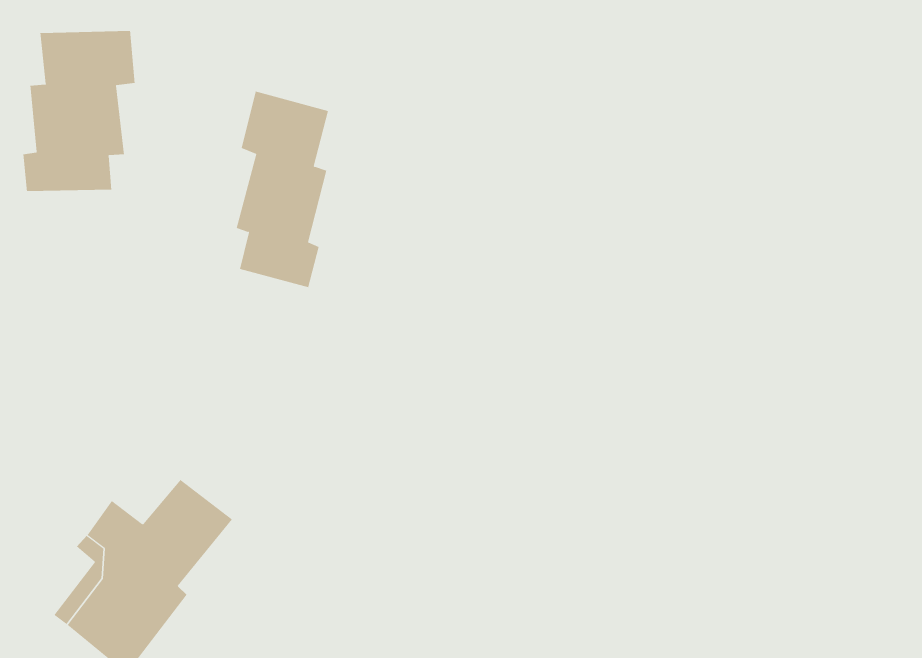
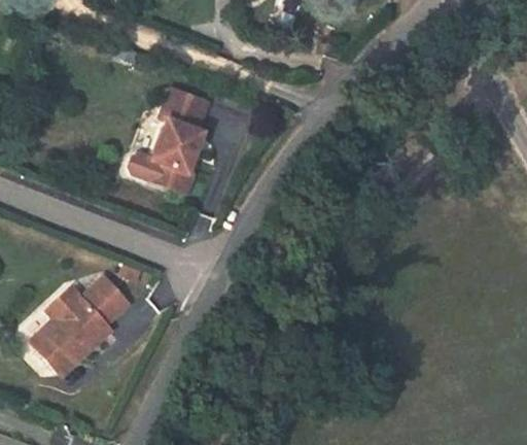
building: [23,30,135,192] -> none

